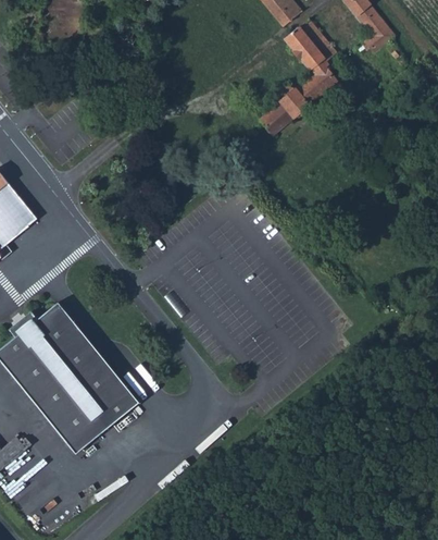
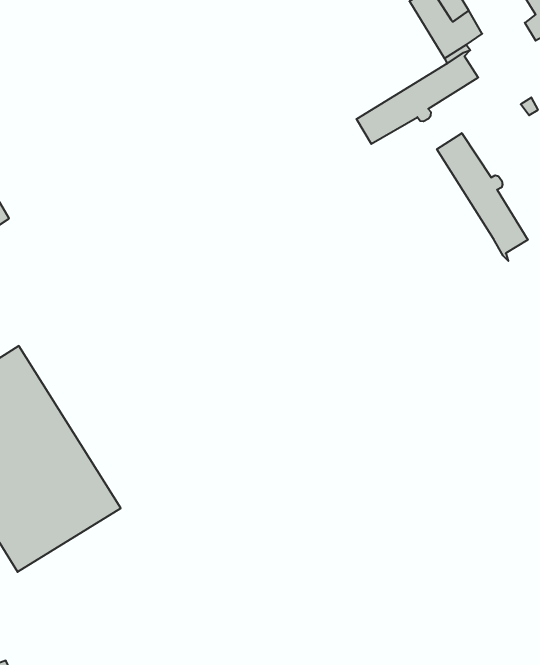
building: none -> [437,133,528,261]

